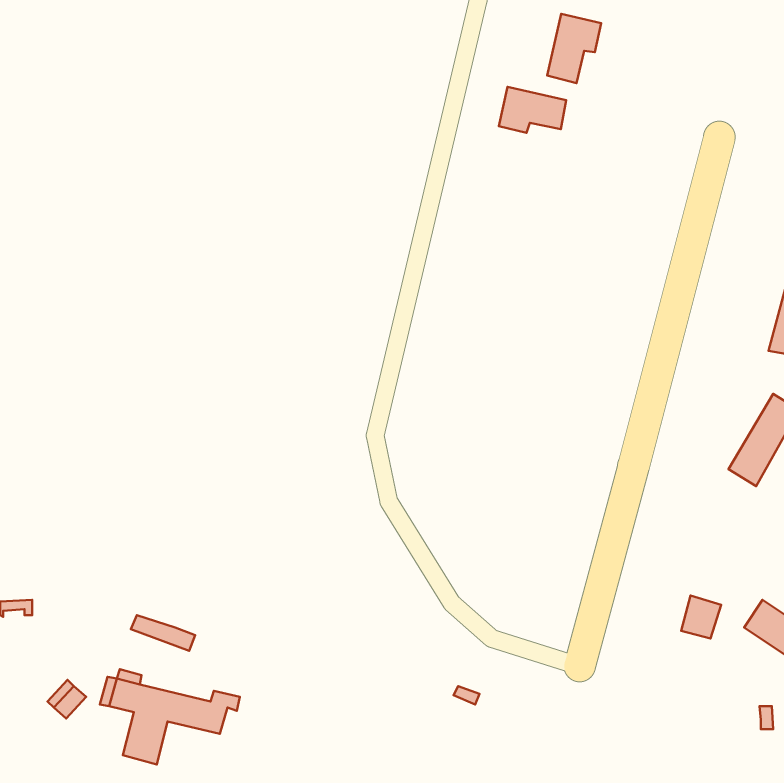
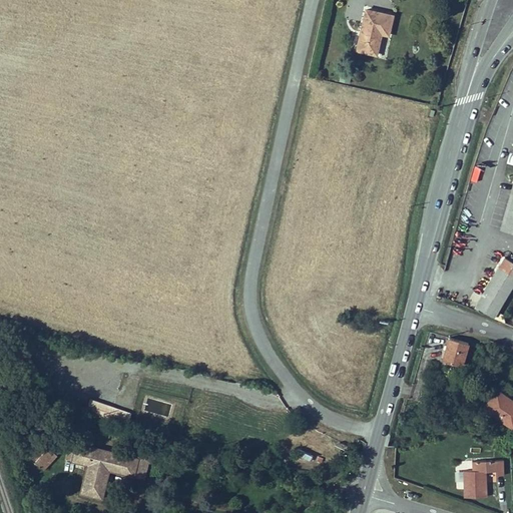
building: [499,87,566,133] -> none
building: [681,596,721,639] -> [444,339,470,367]
building: none -> [464,462,494,499]

